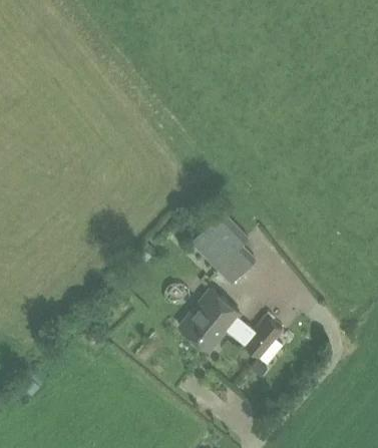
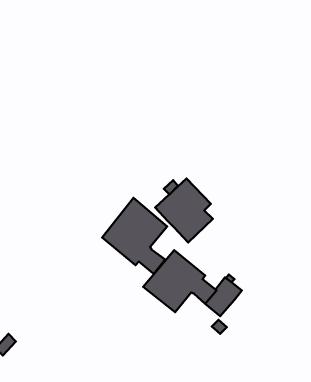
building: none -> [102,198,167,274]

